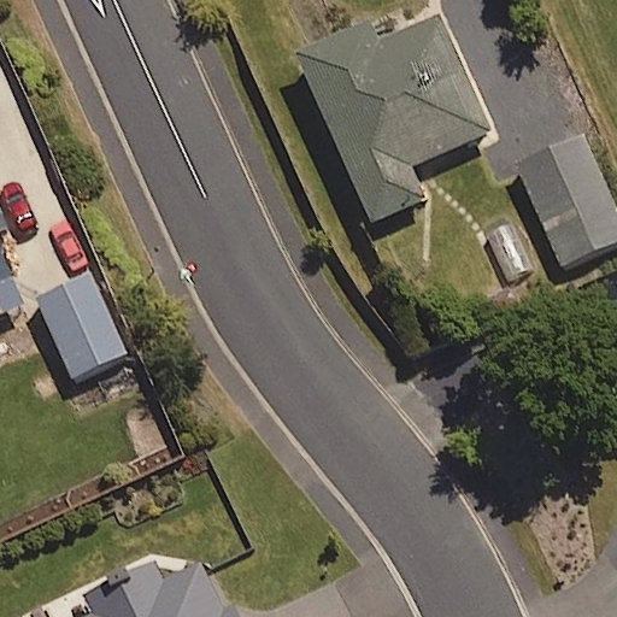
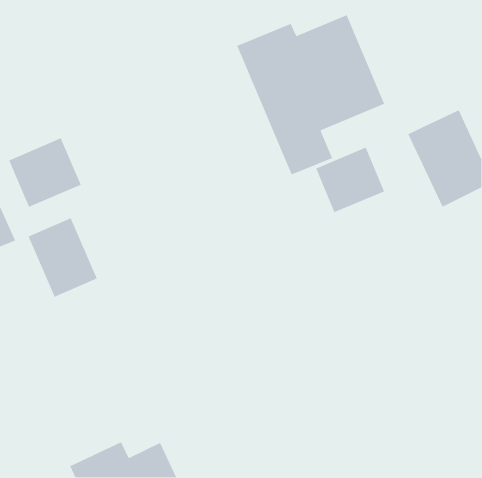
building: none -> [8,137,82,208]
building: none -> [315,147,385,213]

